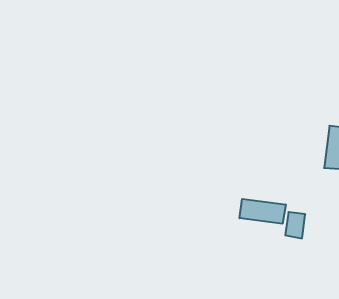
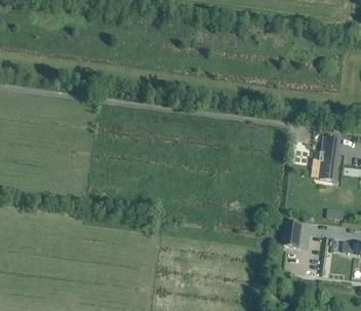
building: [240,199,286,224] -> none

